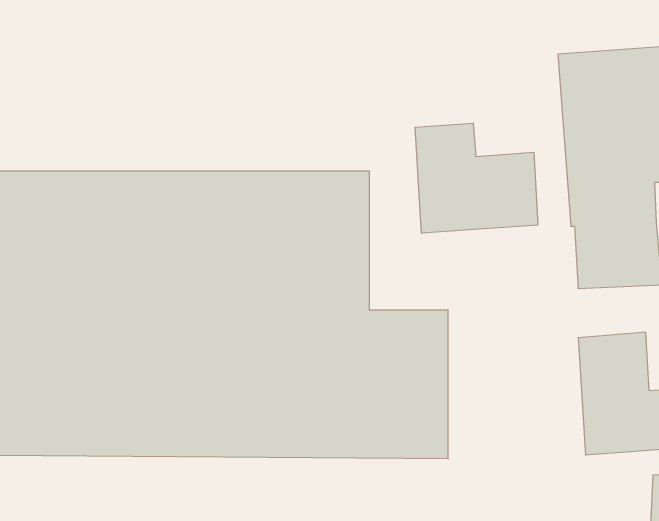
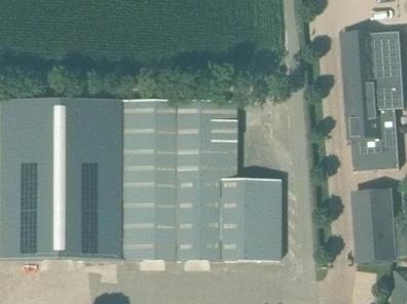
building: [415,123,538,233] -> none

